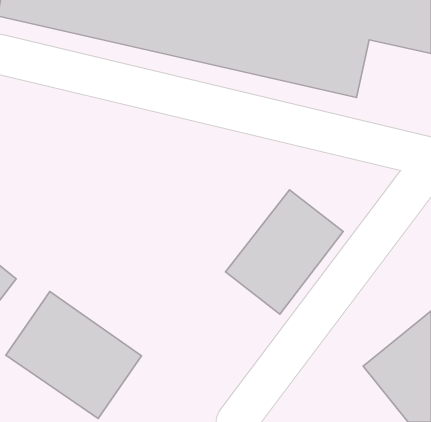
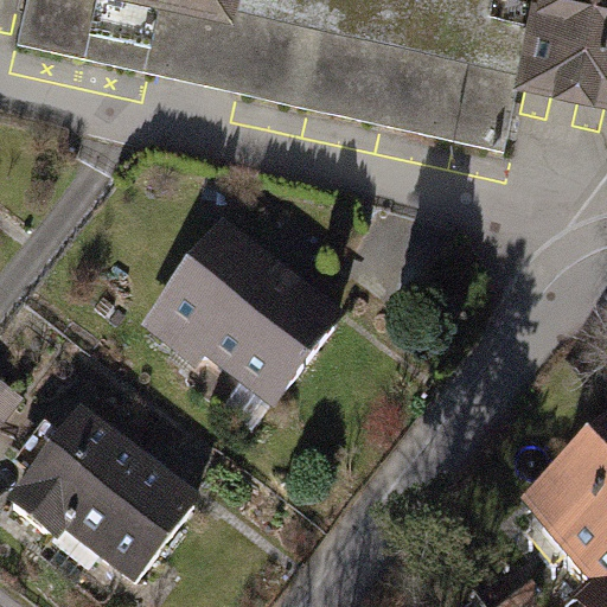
building: none -> [149,226,343,411]
building: [225,190,343,314] -> none

